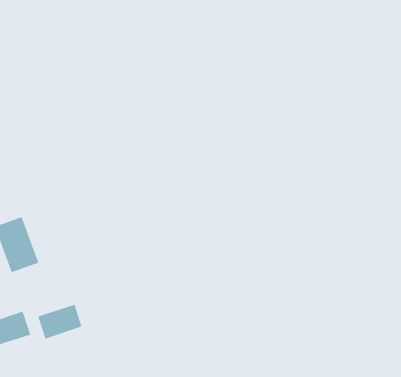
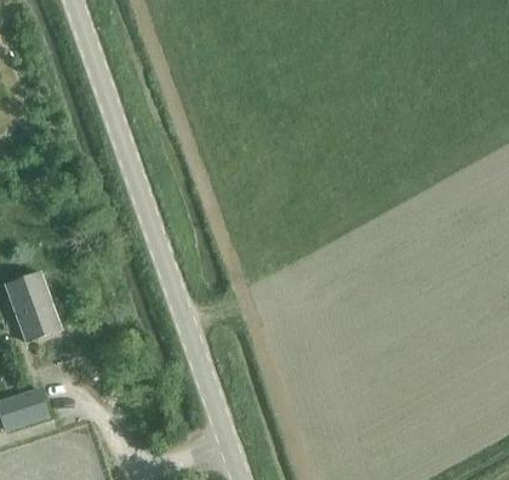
building: [37,304,82,340] -> none

